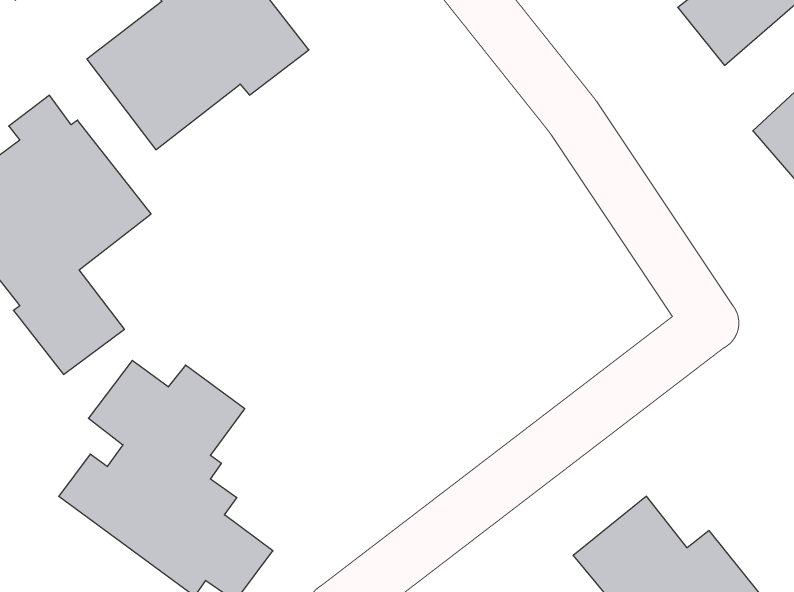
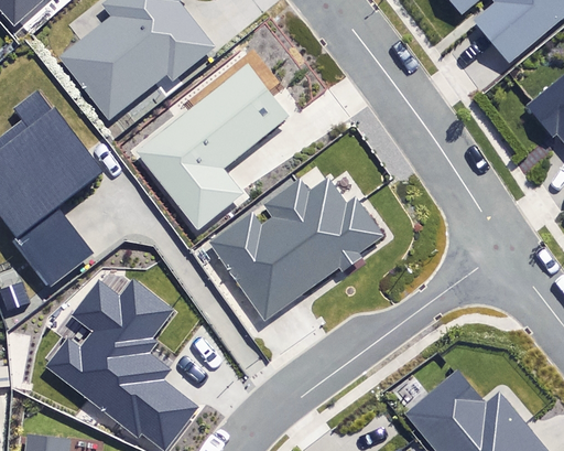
building: none -> [133,60,290,230]
building: none -> [210,173,384,323]

